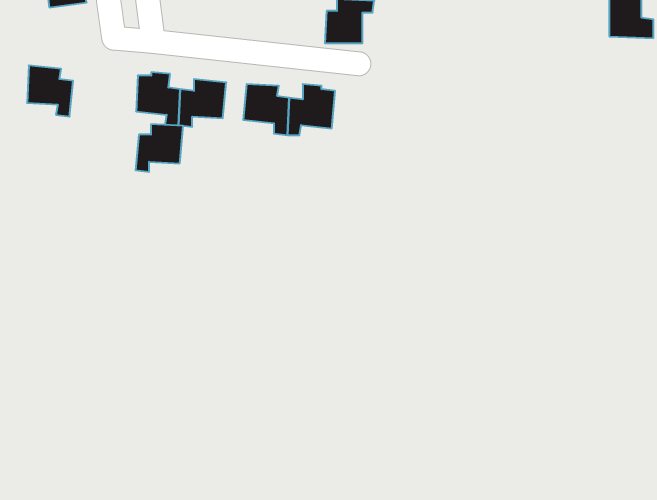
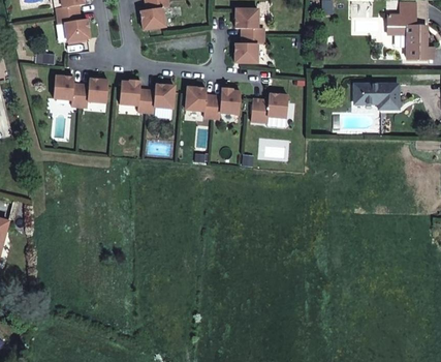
building: none -> [354,84,399,109]
building: none -> [251,93,288,122]
building: [136,124,183,172] -> [80,79,108,108]

